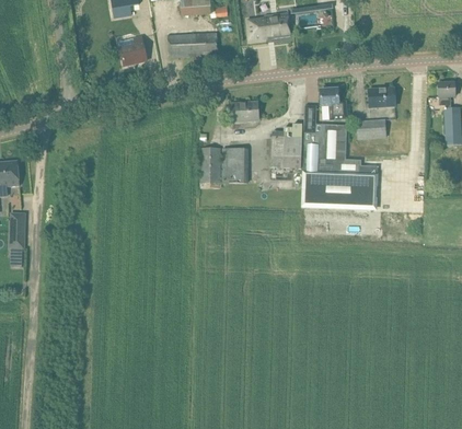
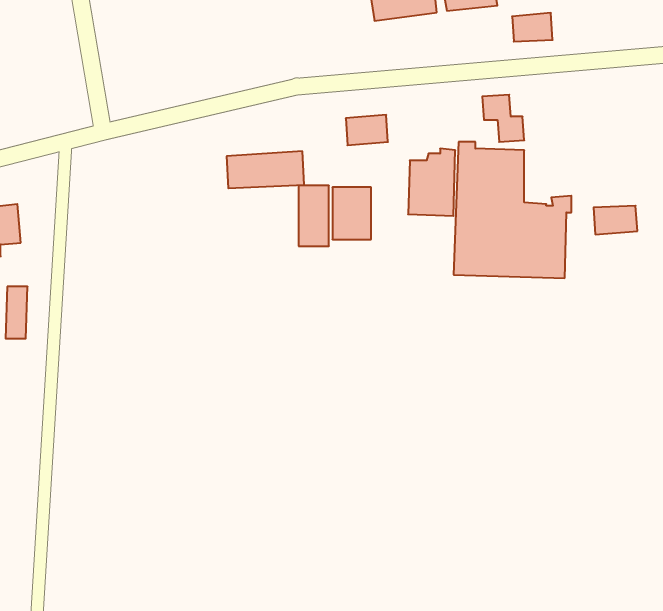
building: [168,33,218,57] -> [227,151,304,188]
building: [118,36,147,66] -> none
building: [369,88,395,106] -> [512,13,553,42]
building: [357,119,385,138] -> [594,206,637,234]

